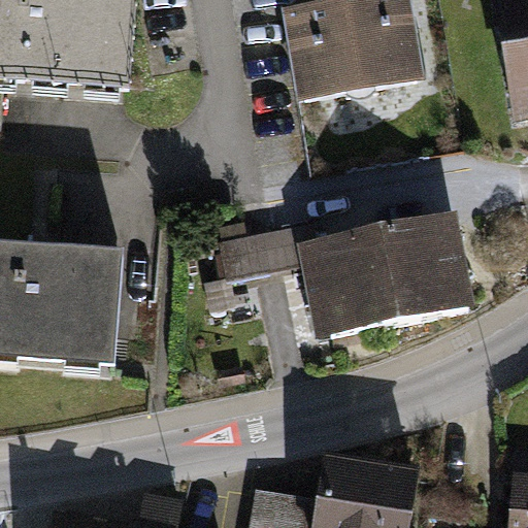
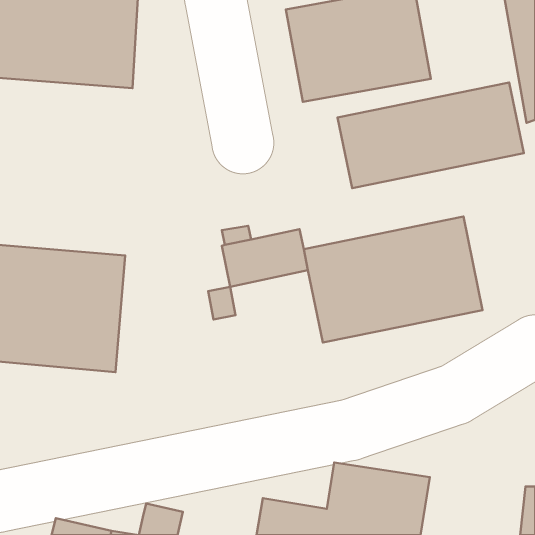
building: none -> [338,82,524,188]

